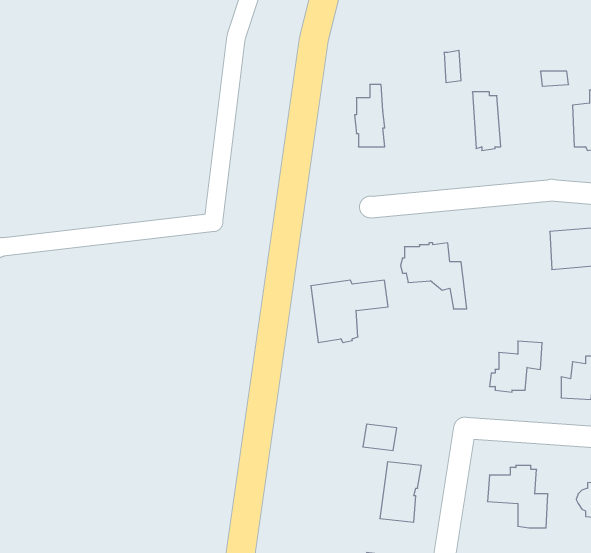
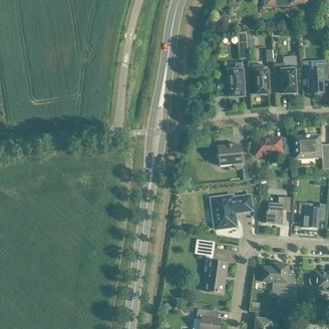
building: [355,85,385,147] -> [228,62,244,95]
building: none -> [273,62,296,92]
building: none -> [253,137,283,154]
building: [311,280,388,343] -> [211,195,252,228]

